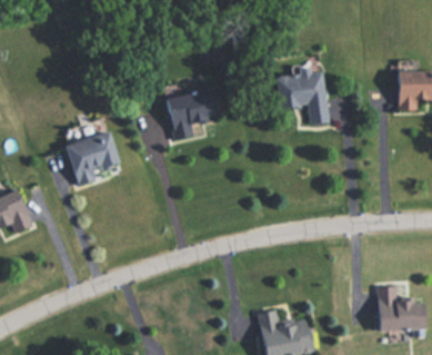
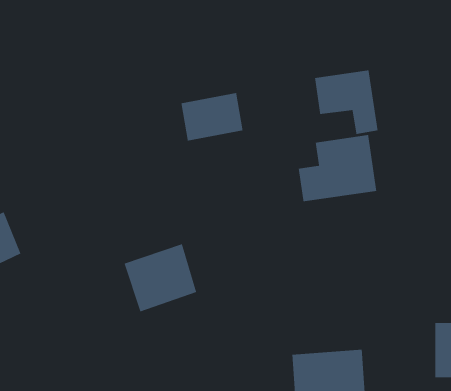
building: none -> [298,134,377,202]
building: [62,129,123,187] -> [124,243,197,313]

